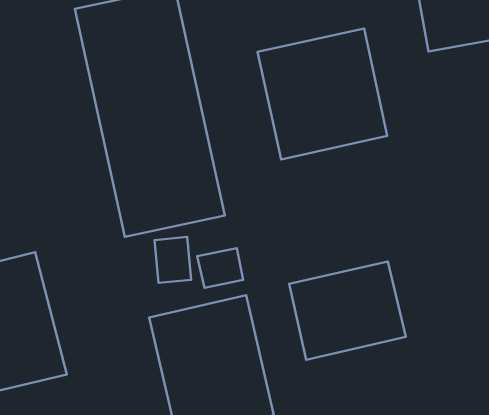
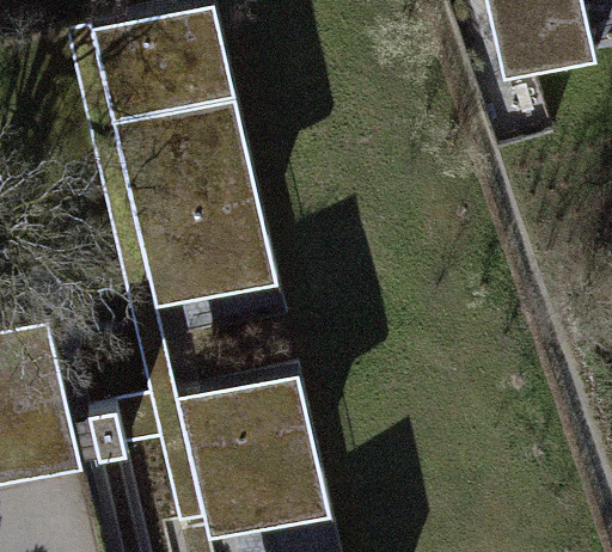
building: [257,29,387,160] -> none
building: [289,262,406,360] -> none

